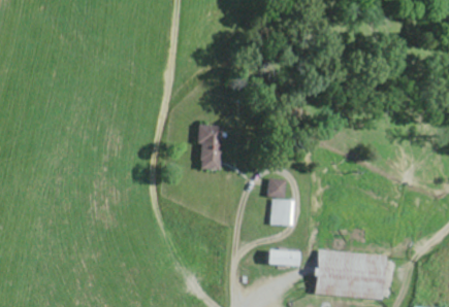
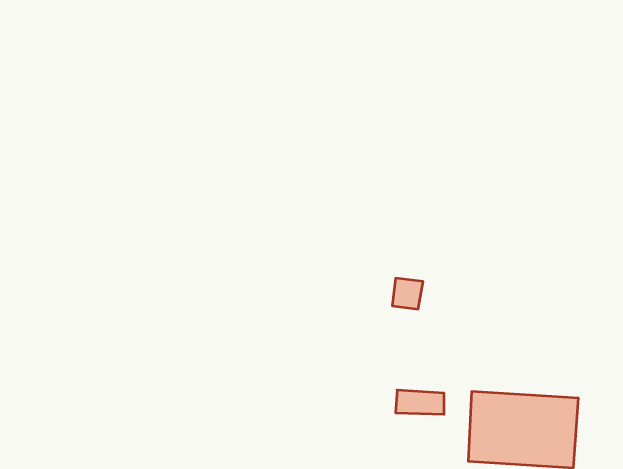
building: [198,125,222,169] -> none
building: [271,199,294,226] -> none

